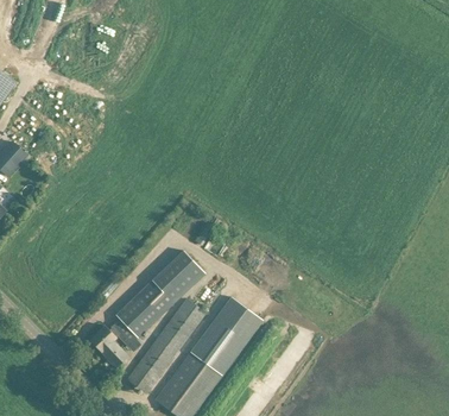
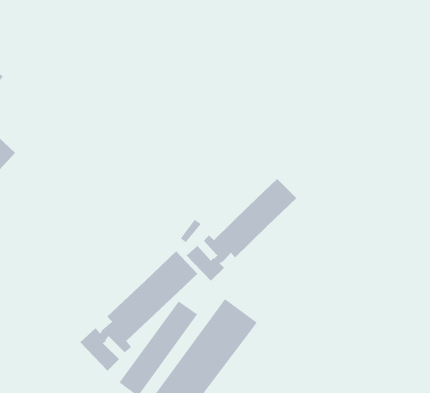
building: none -> [186,178,297,282]

